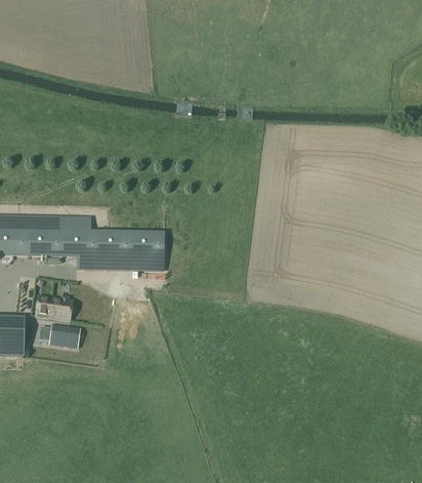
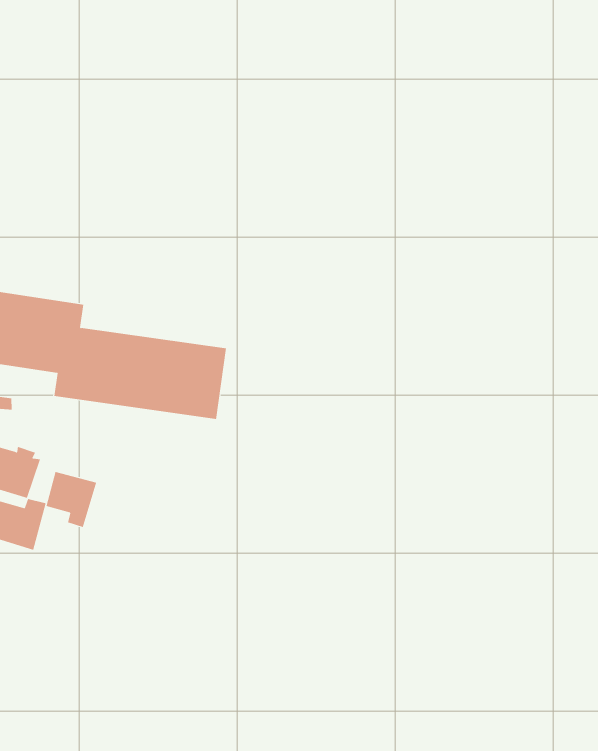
building: none -> [46,471,97,528]

